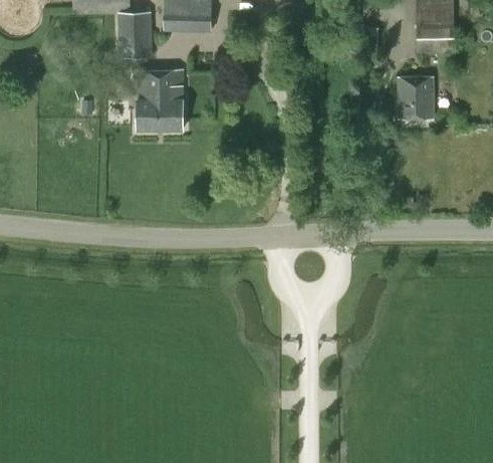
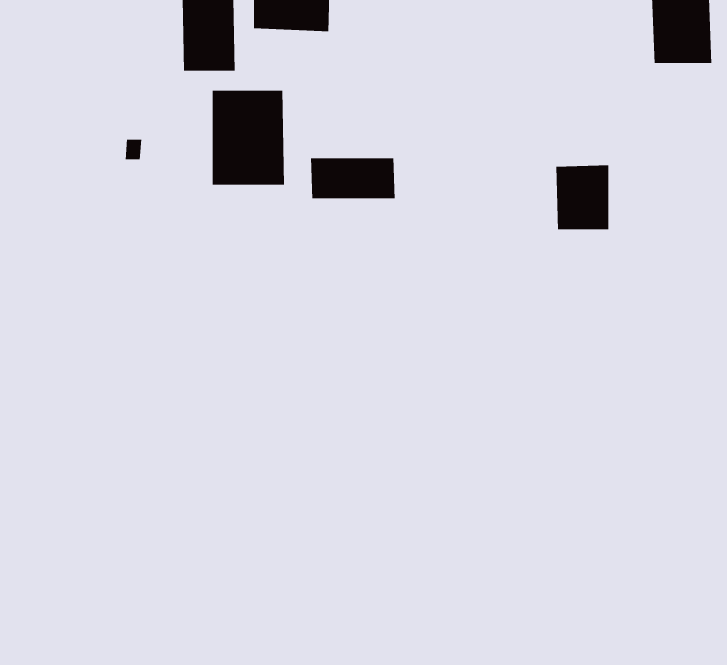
building: [398,76,432,118] -> [555,165,609,230]
building: none -> [310,157,395,199]

